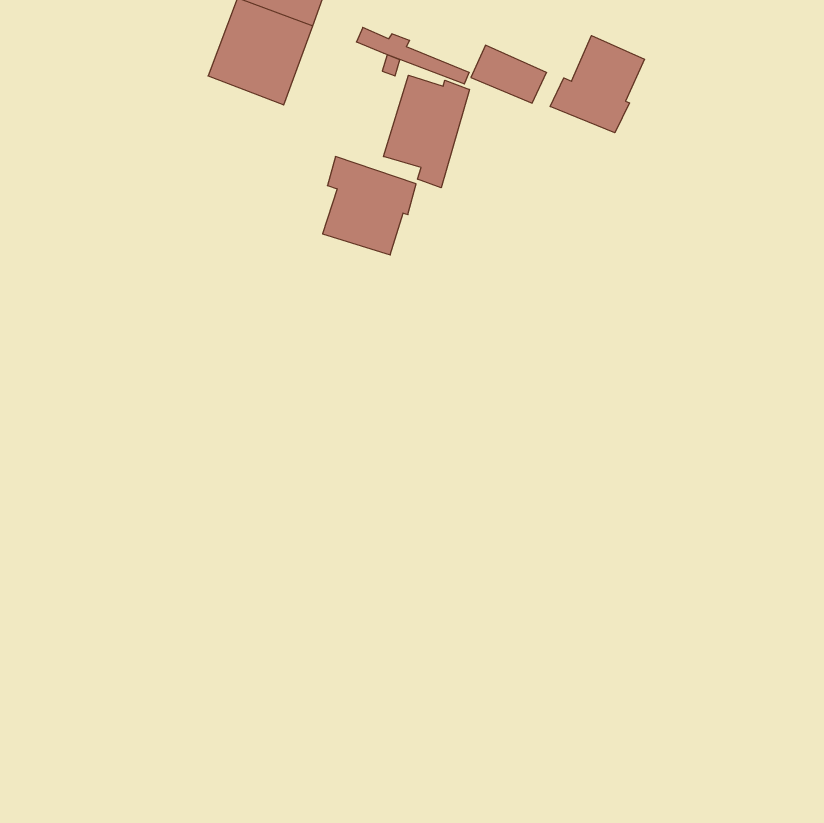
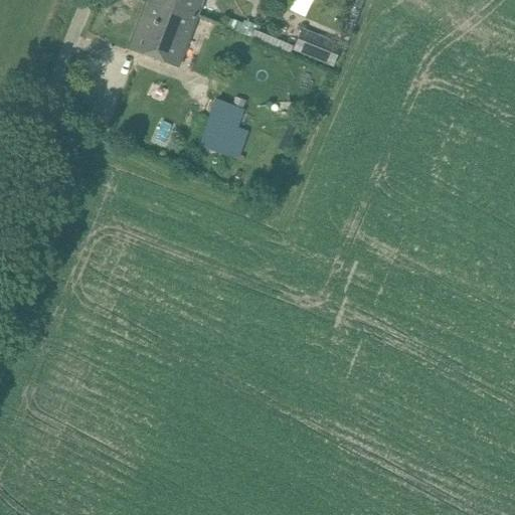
building: [550,36,644,133] -> none
building: [384,75,469,188] -> none

